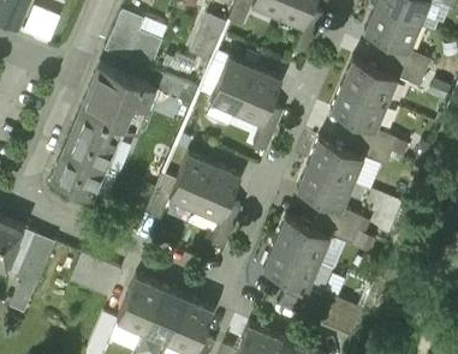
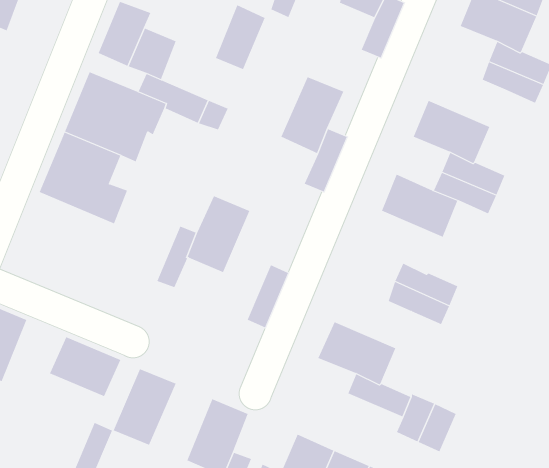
building: [209,58,255,113] -> none
building: [341,60,397,106] -> none
building: [50,152,117,197] -> none
building: [195,166,240,221] -> none
building: [297,166,352,211] -> none
building: [274,218,329,264] -> none
building: [142,289,186,344] -> none

